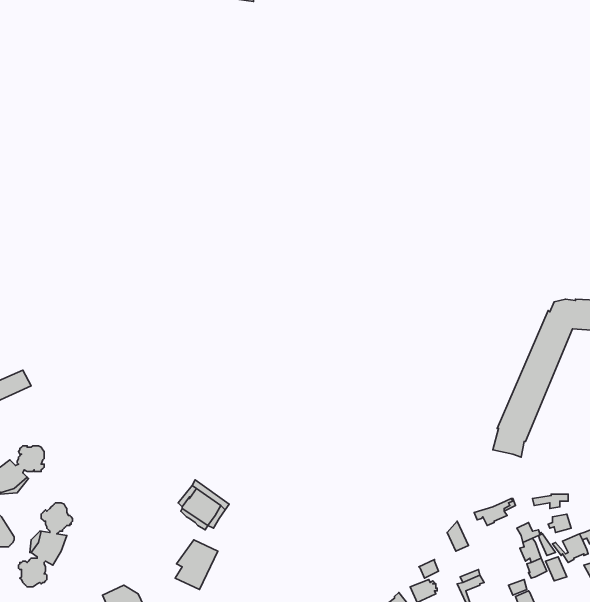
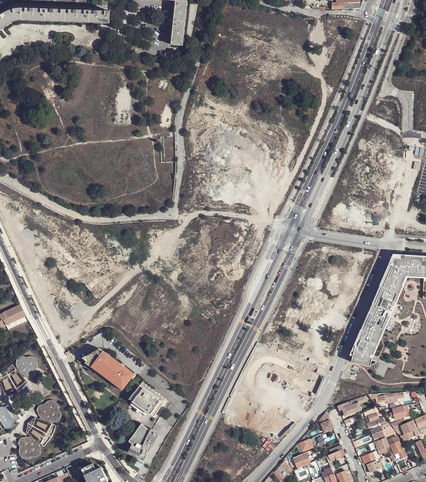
building: none -> [82,348,134,388]

